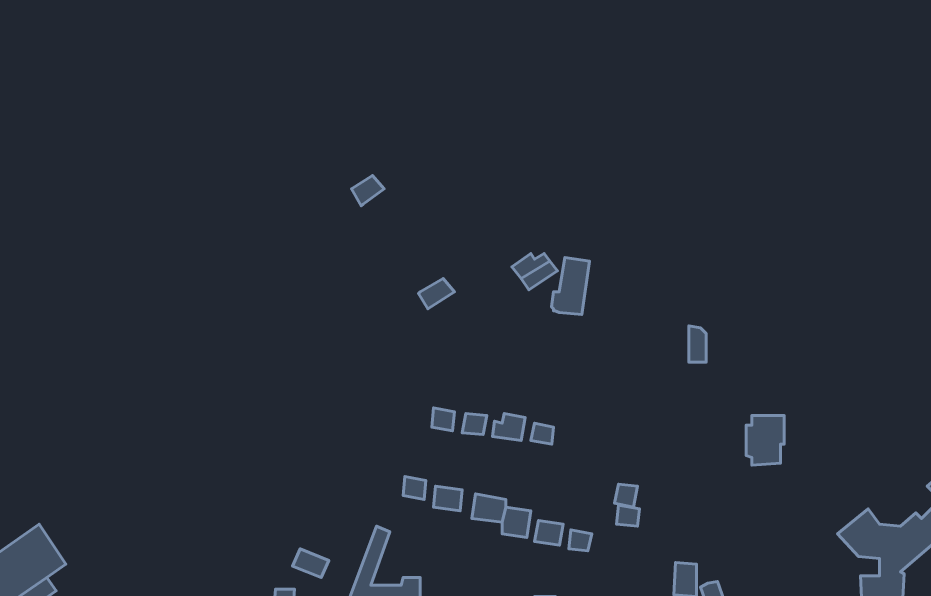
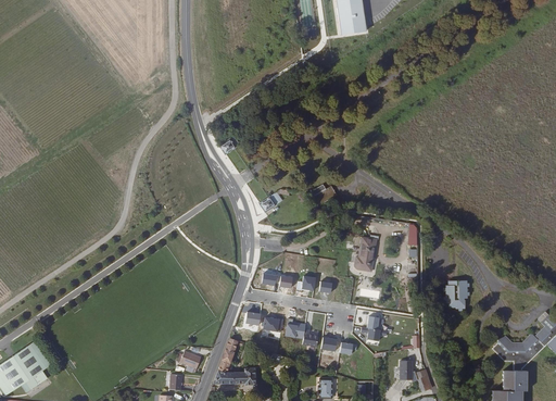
building: [551,257,590,315] -> [355,238,377,271]

